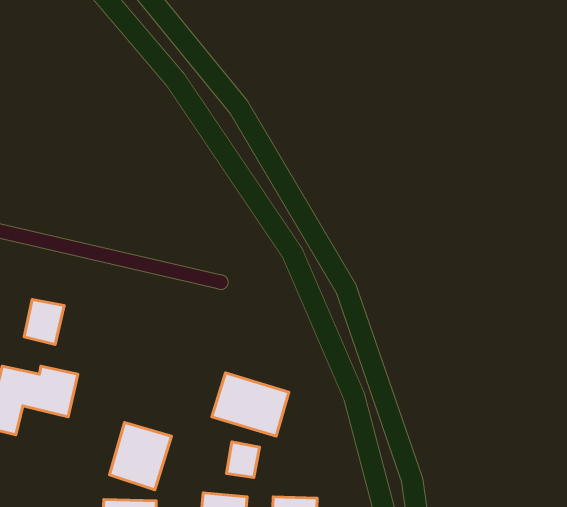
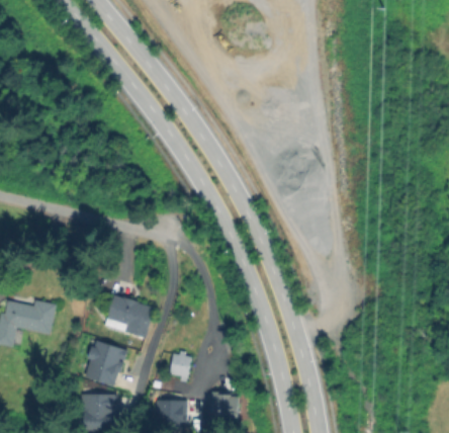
building: [24,299,64,345] -> none
building: [212,373,289,436] -> [100,291,157,338]

